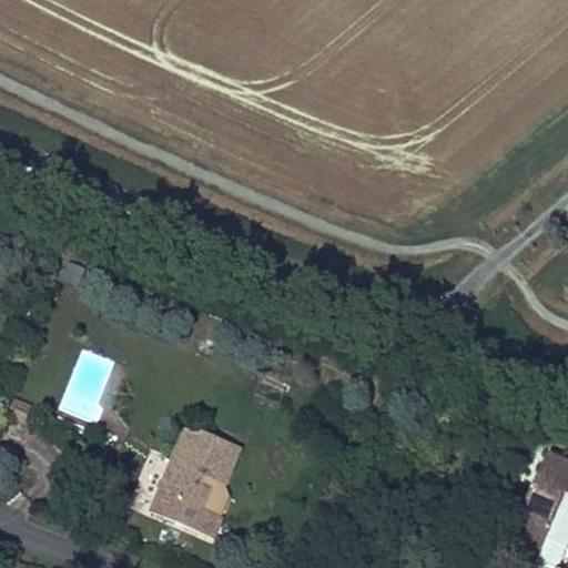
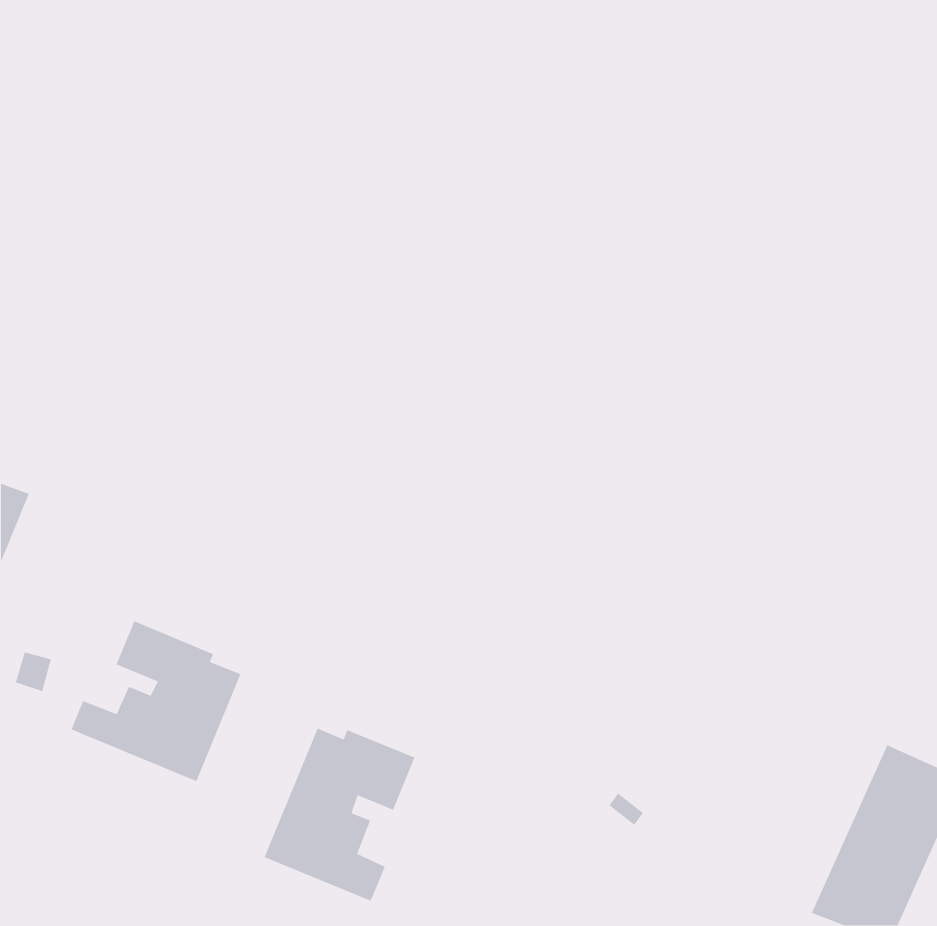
building: none -> [70,620,242,782]

